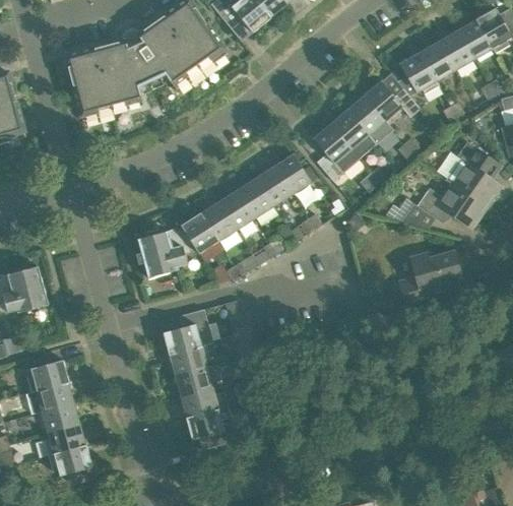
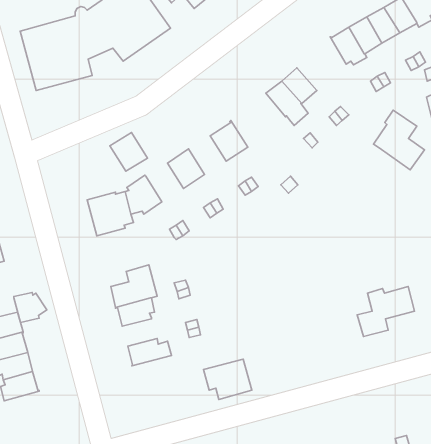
building: [363,80,420,125] -> none
building: [312,124,355,182] -> none
building: [246,170,286,211] -> none
building: [391,183,485,230] -> none
building: [200,199,241,241] -> [110,133,148,171]
building: [398,251,460,305] -> [357,287,415,337]
building: none -> [14,292,47,323]
building: [175,365,215,396] -> none
building: [185,406,237,450] -> [204,359,252,400]
building: [48,445,91,476] -> none

